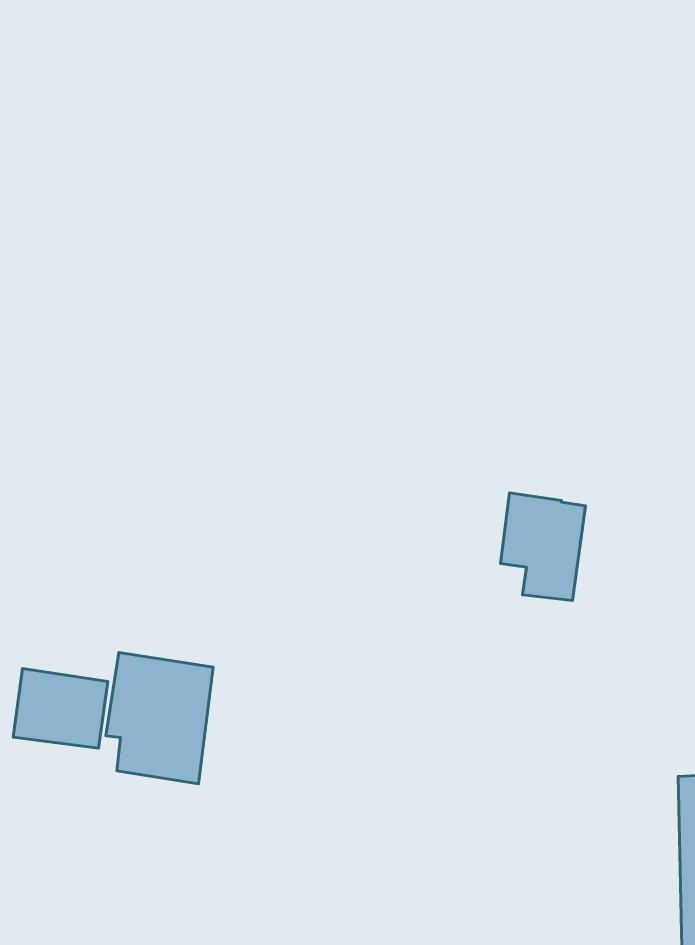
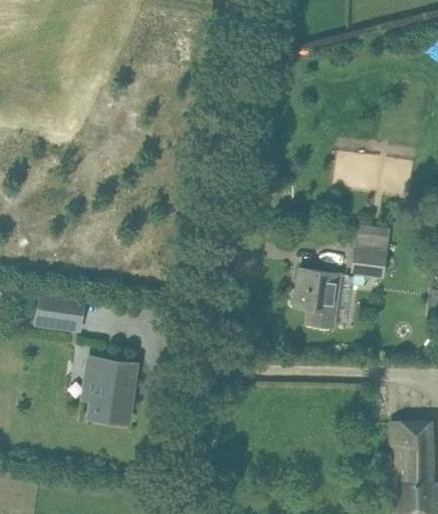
building: none -> [352,234,389,278]
building: [13,668,108,748] -> [34,289,85,332]

